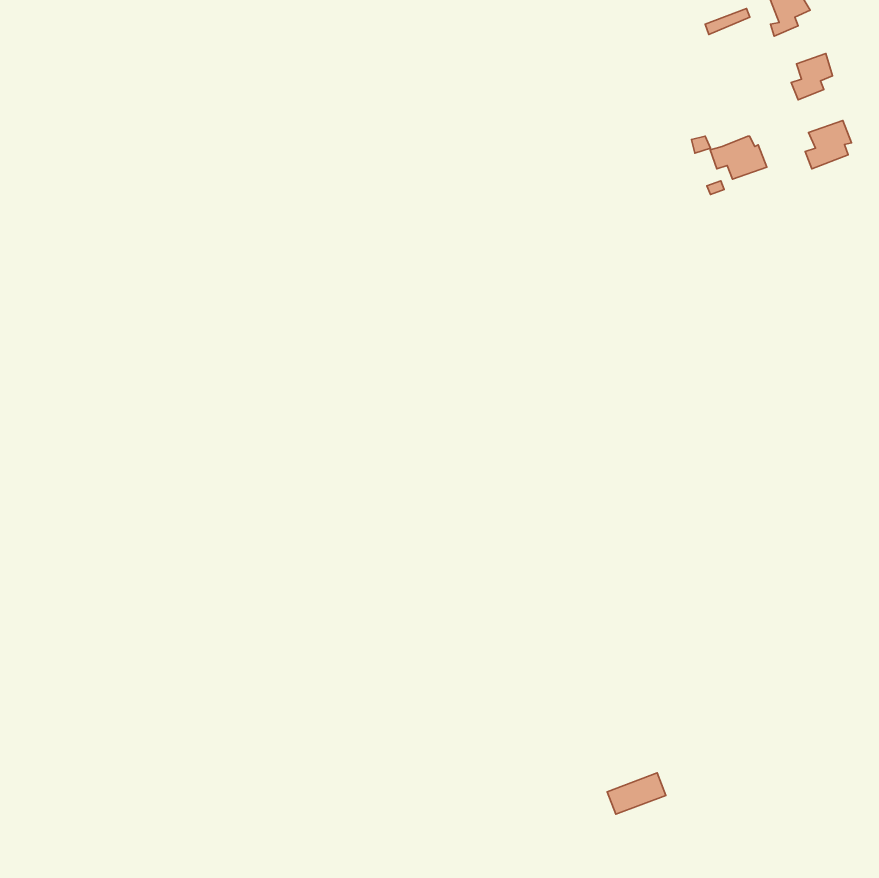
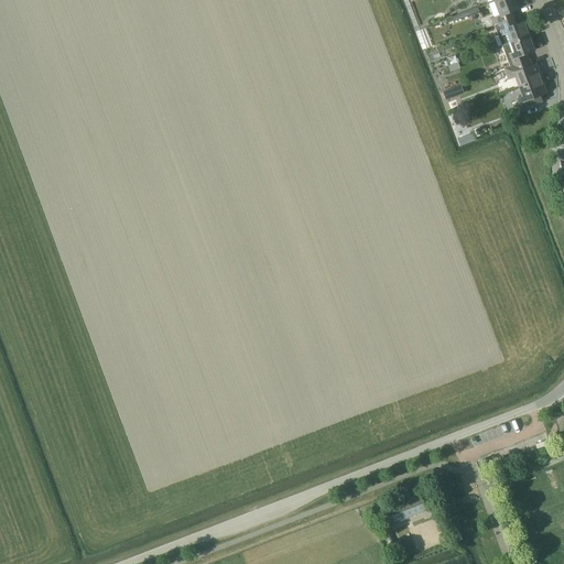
building: none -> [496,17,529,41]
building: [710,136,767,179] -> [503,57,540,85]

